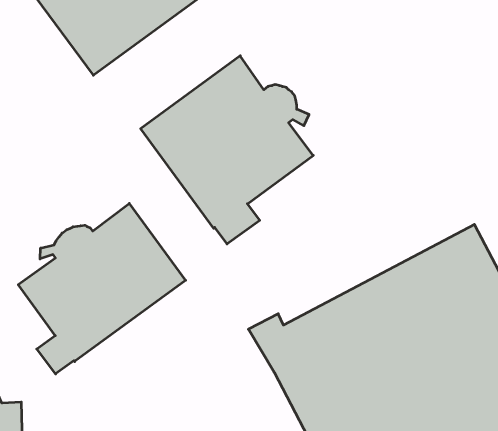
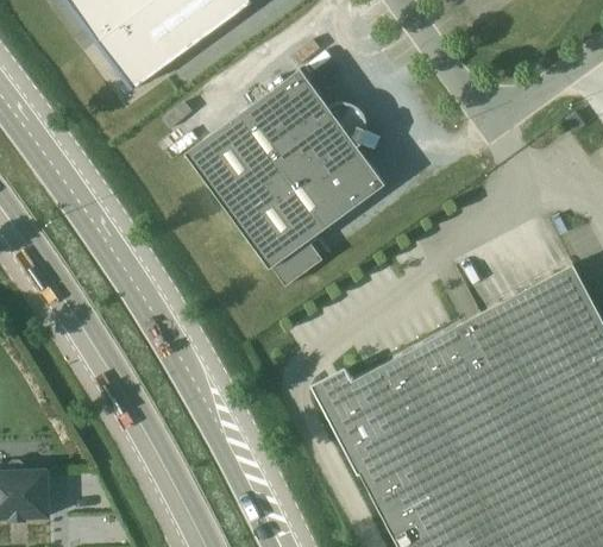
building: [18,203,186,374] -> none

